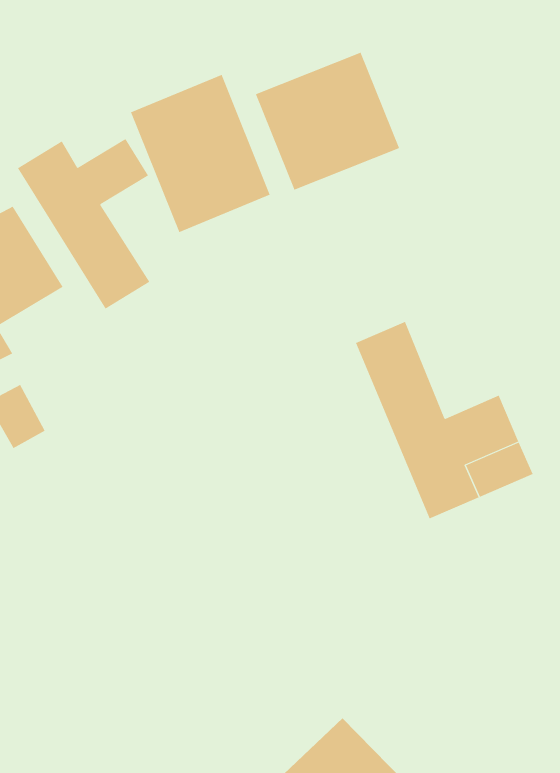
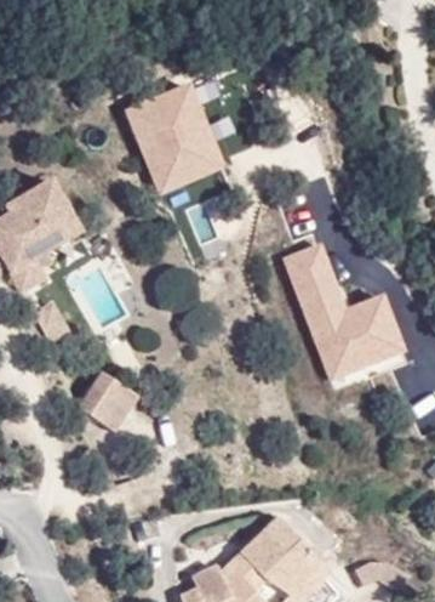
building: [255,52,400,191] -> none
building: [17,138,150,310] -> none
building: none -> [79,367,141,426]

